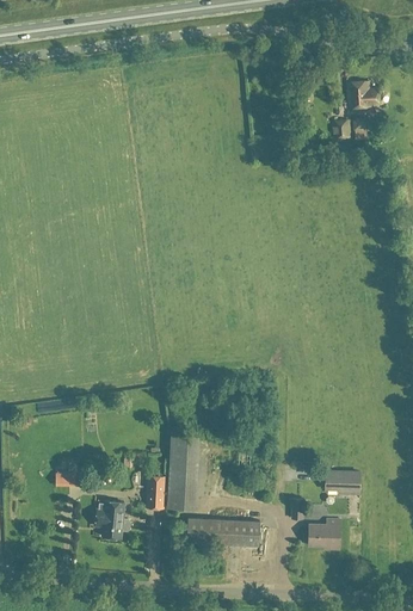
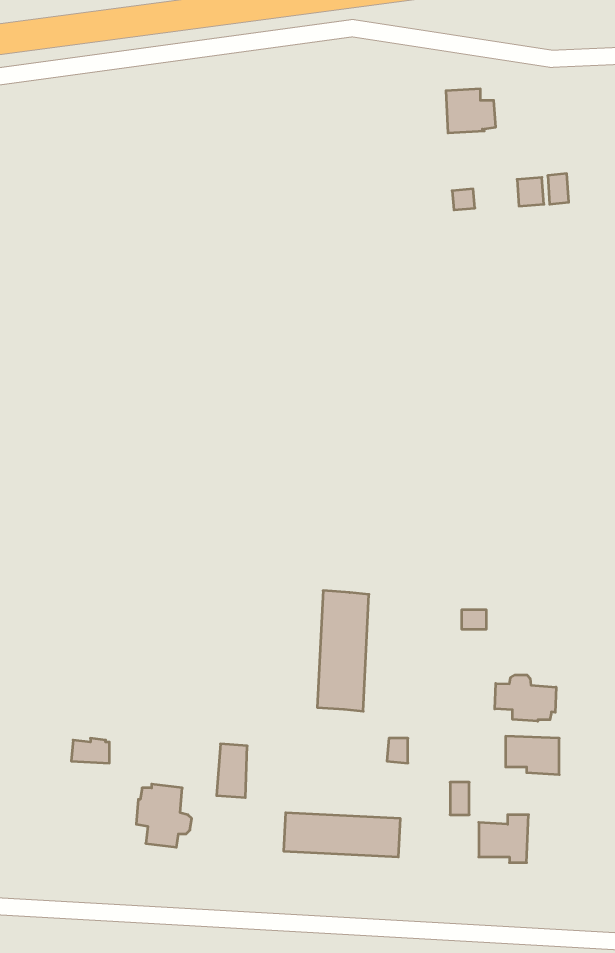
building: [347,81,378,109] -> [446,89,496,133]
building: none -> [495,675,556,721]
building: [167,434,199,510] -> [317,591,369,711]

